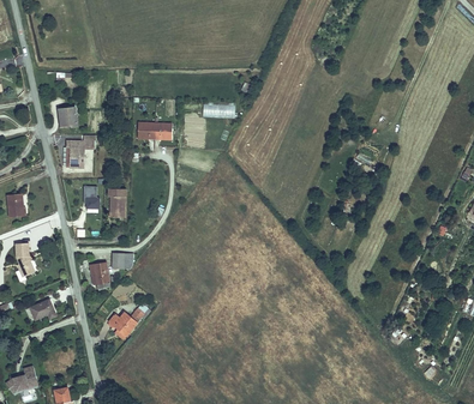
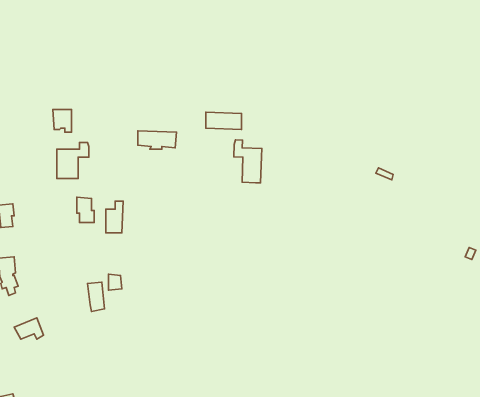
building: none -> [234,140,262,183]
building: [107,308,143,340] -> none

